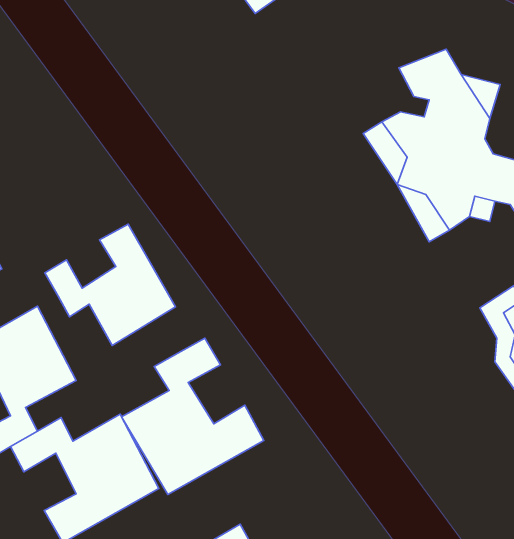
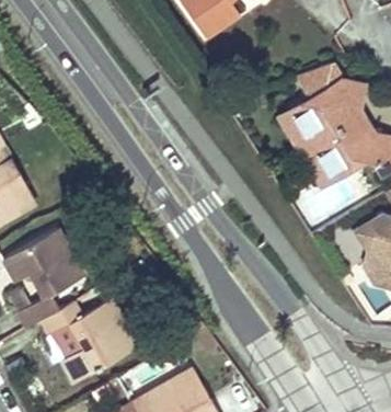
building: [45,224,175,345] -> none
building: [121,338,264,494] -> none

